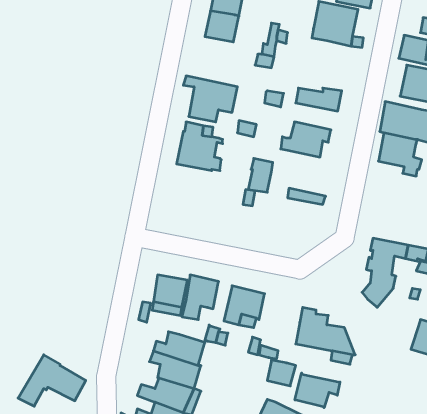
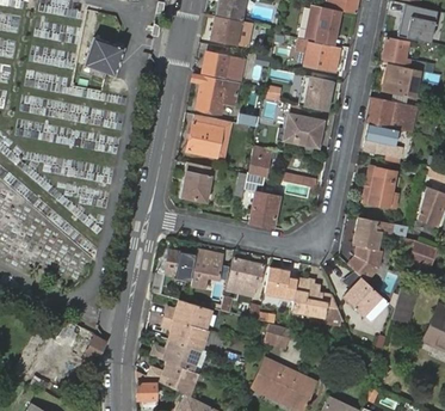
building: none -> [85,37,124,76]
building: none -> [296,38,339,72]
building: none -> [204,51,245,81]
building: none -> [181,164,217,202]
building: none -> [364,167,397,208]
building: none -> [251,192,279,228]
building: none -> [265,268,291,296]
building: none -> [344,271,382,315]
building: [295,373,340,408] -> none

